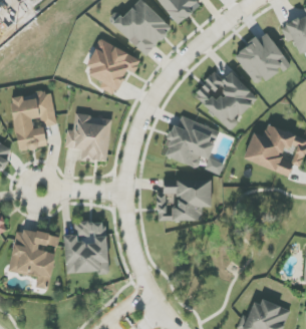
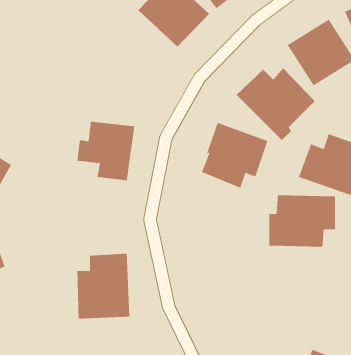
building: [84,38,141,94] -> none
building: [11,90,57,150] -> none
building: [158,178,212,220] -> [268,195,336,247]
building: [10,228,60,289] -> none

